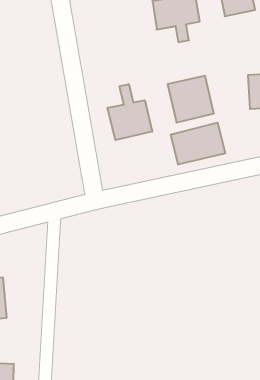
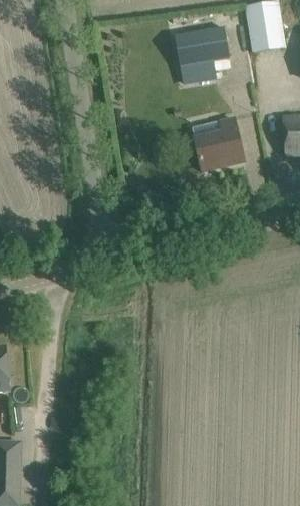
building: [108,84,152,140] -> none
building: [171,123,225,165] -> none

